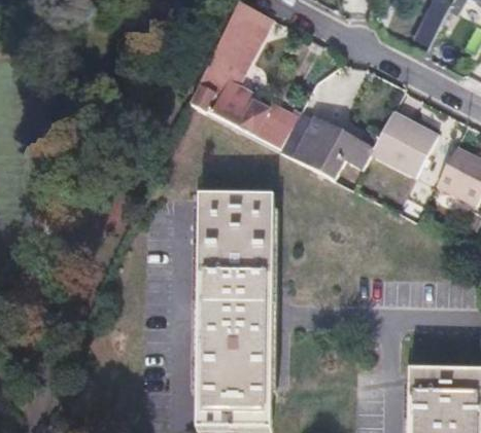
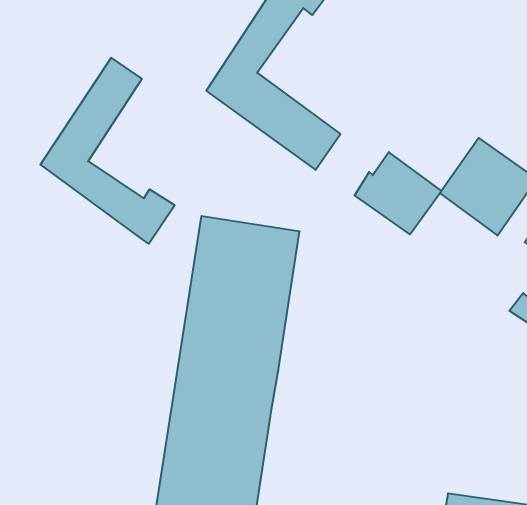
building: none -> [40,58,175,244]
building: [278,111,330,165] -> none

